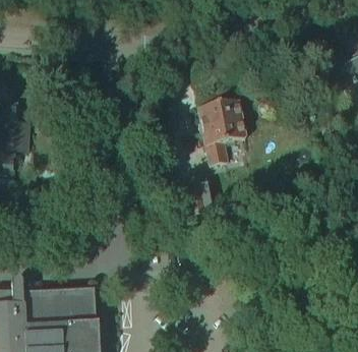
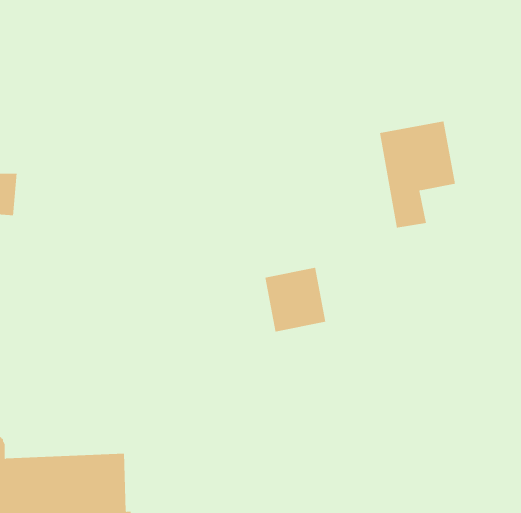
building: [199,101,245,165] -> [379,121,456,228]

